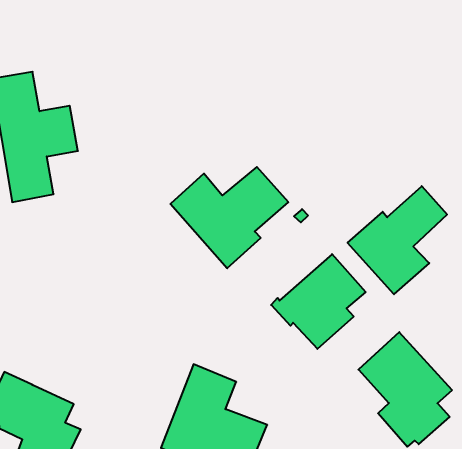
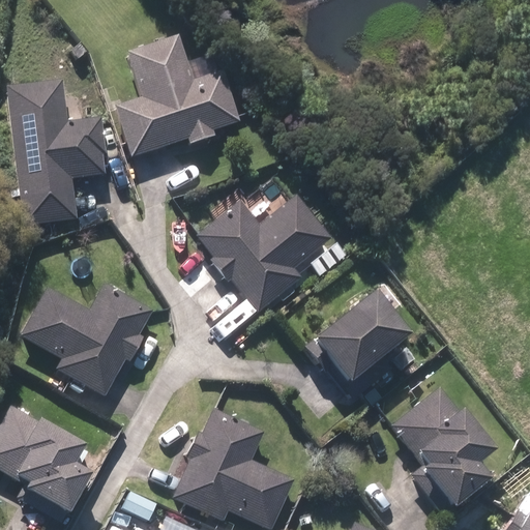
building: none -> [117,34,237,152]
building: [348,186,447,294] -> none
building: none -> [21,287,149,392]

